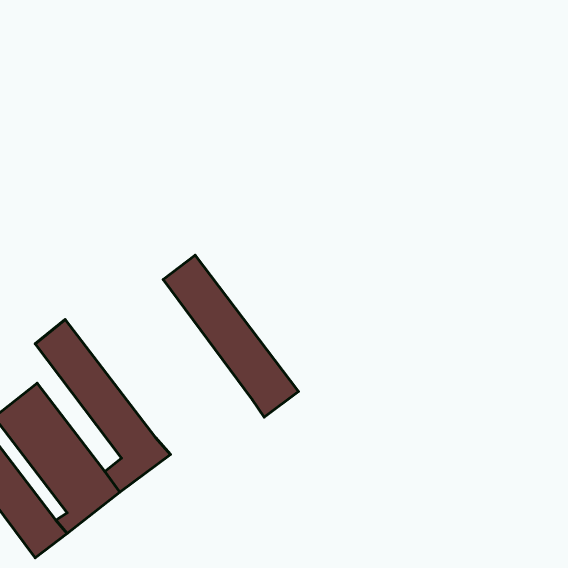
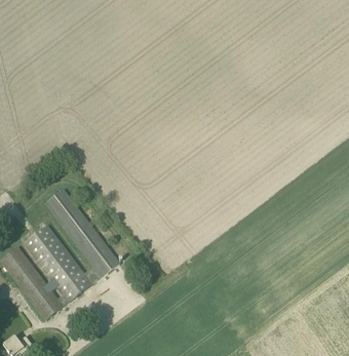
building: [163,255,299,417] -> none

